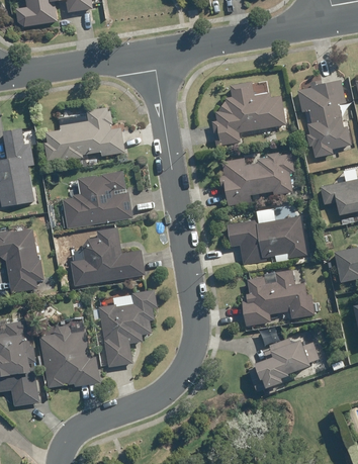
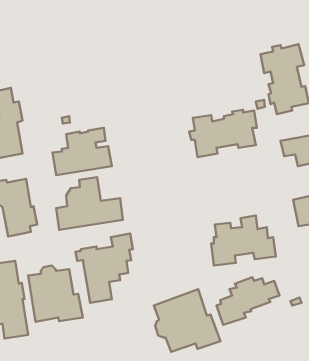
building: [210,82,284,147] -> none
building: [42,108,123,161] -> none
building: [227,217,304,265] -> none
building: none -> [154,289,220,352]

